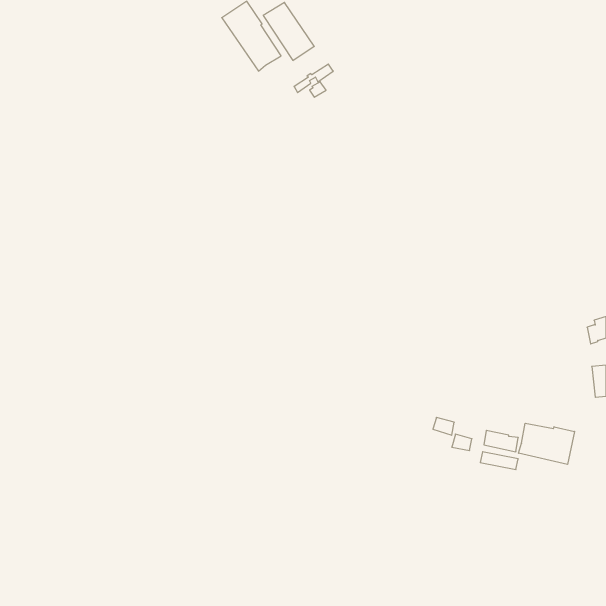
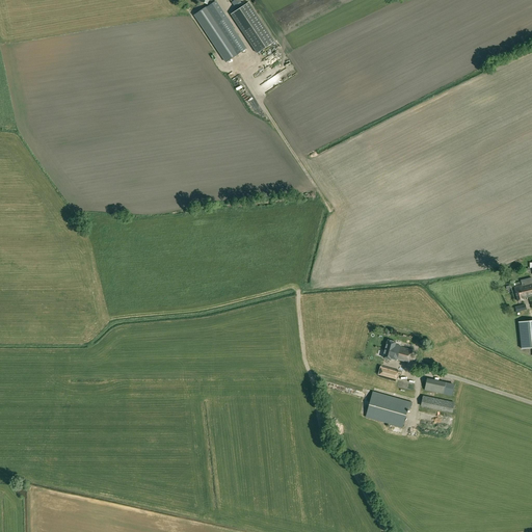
building: none -> [382,340,413,363]
building: [519,423,575,464] -> none
building: none -> [366,392,411,427]

